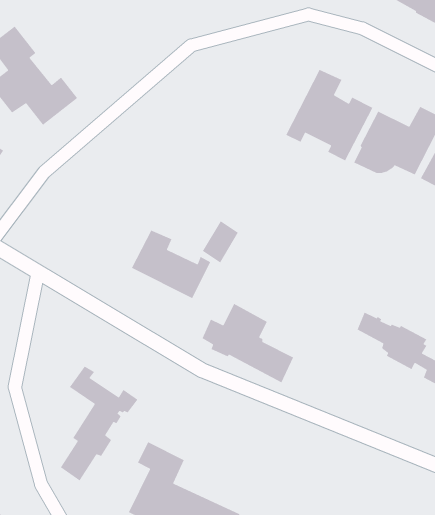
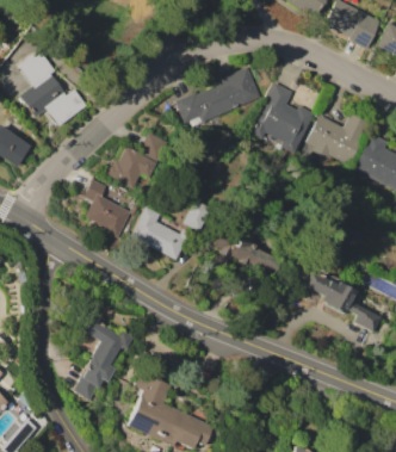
building: none -> [174,66,262,129]
building: none -> [104,131,171,192]
building: none -> [85,179,131,237]
building: [201,303,294,383] -> [209,217,280,279]

